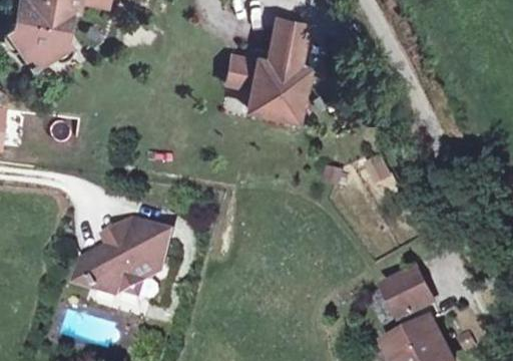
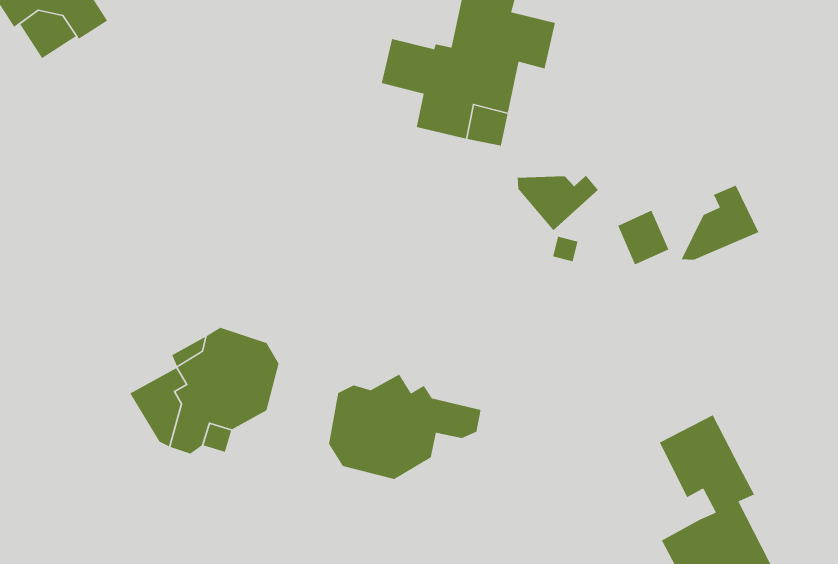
building: none -> [517,175,599,231]
building: none -> [680,184,759,261]
building: none -> [328,374,481,480]

